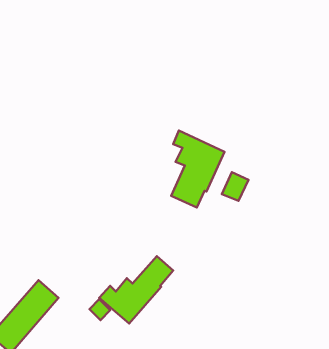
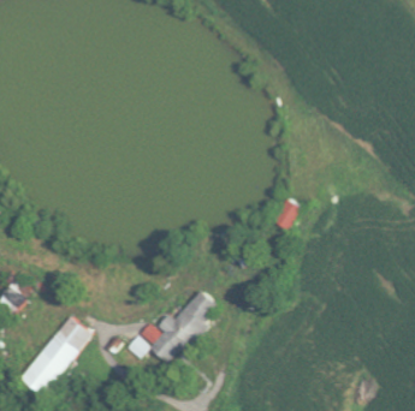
building: [171,131,224,207] -> none

